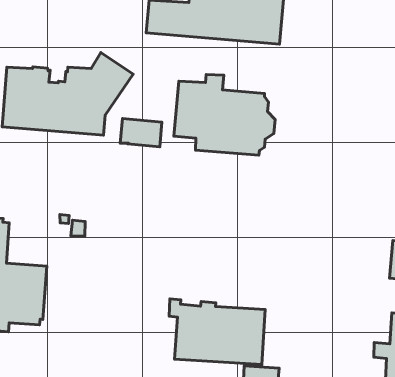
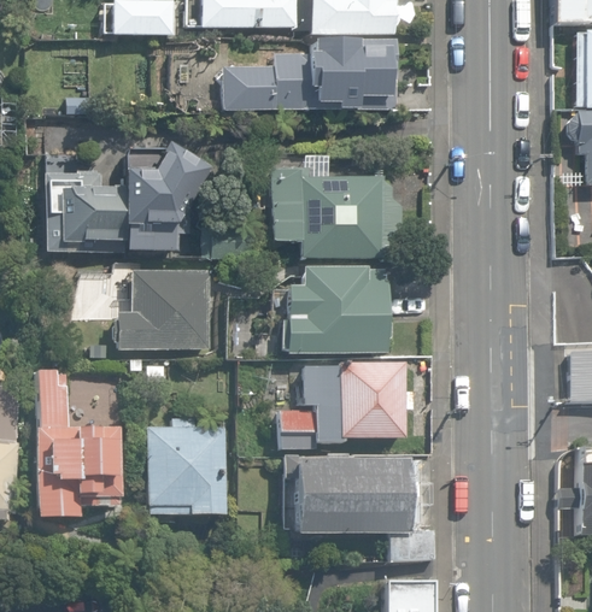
building: none -> [117,269,211,348]
building: none -> [275,266,388,353]
building: none -> [282,361,414,446]
building: none -> [147,417,227,513]

